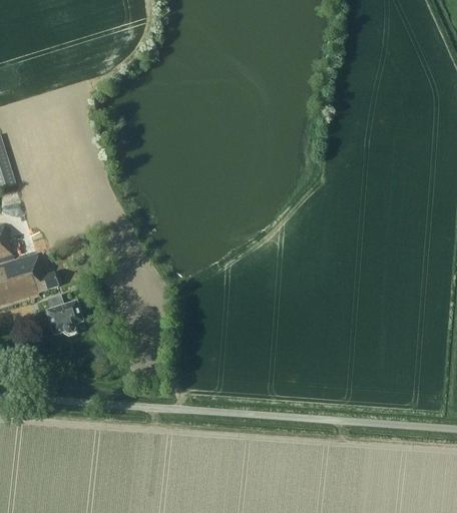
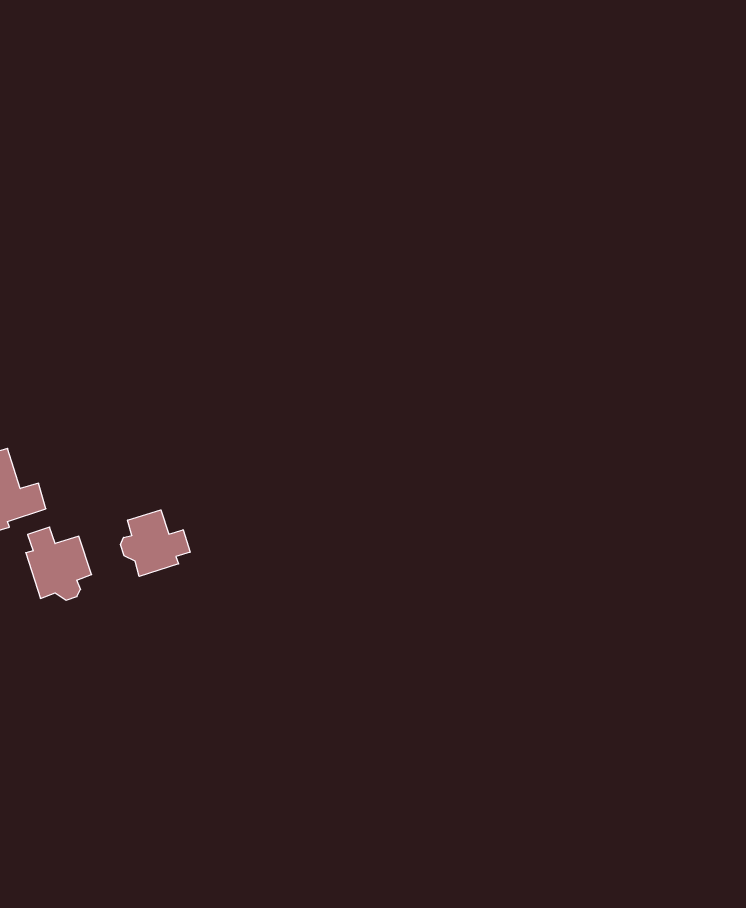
building: none -> [121,510,190,576]

